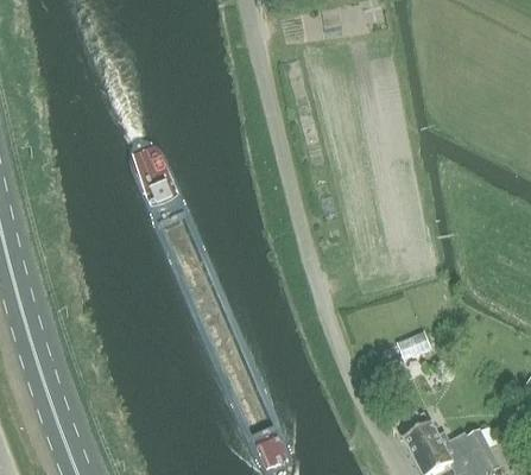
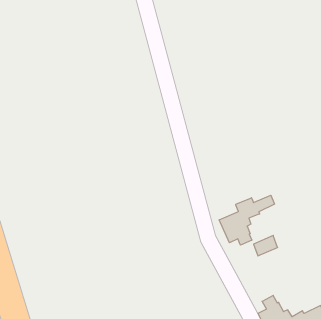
building: none -> [219,195,275,245]

